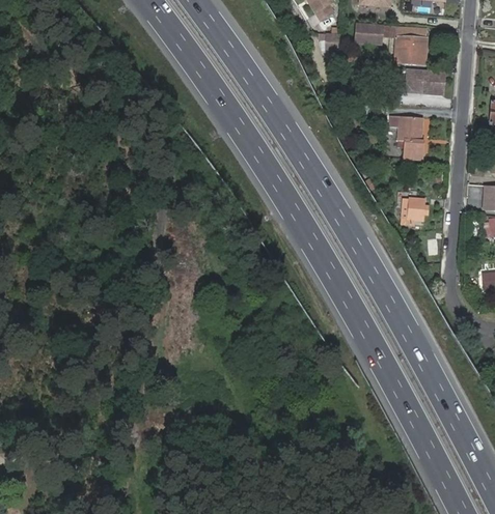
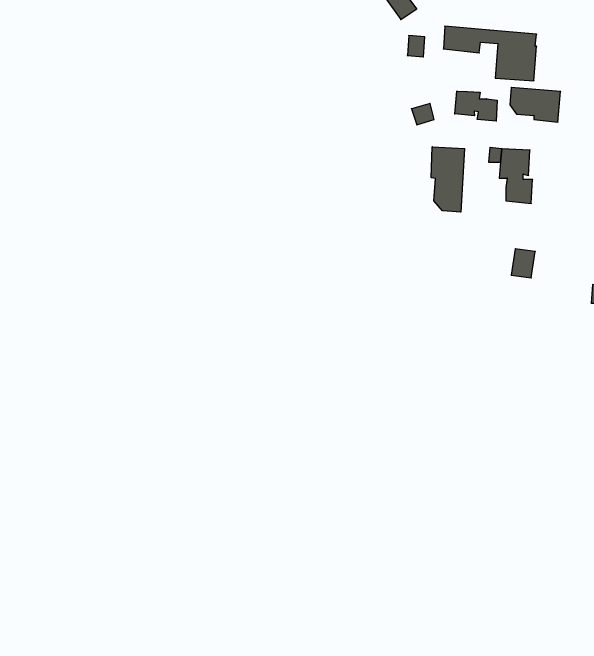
building: none -> [455,91,497,121]
building: none -> [431,147,465,212]

